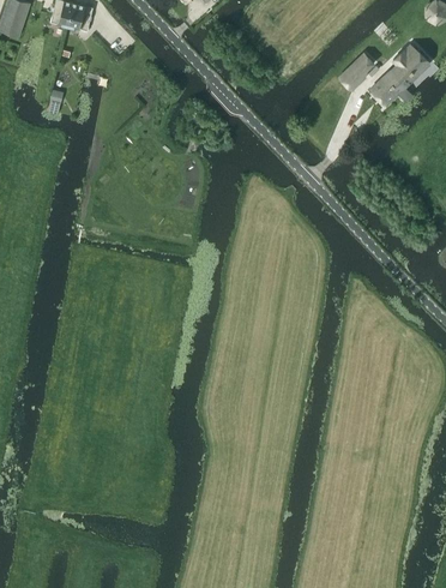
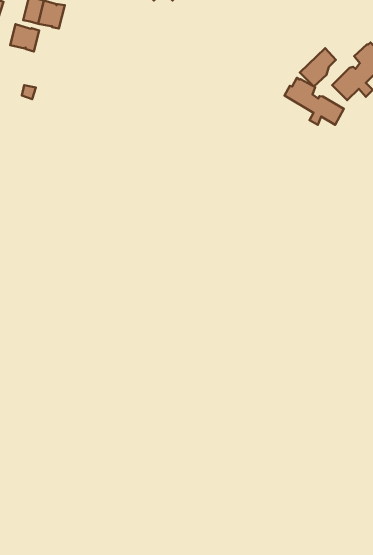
building: none -> [10,24,39,51]
building: none -> [284,78,344,125]

